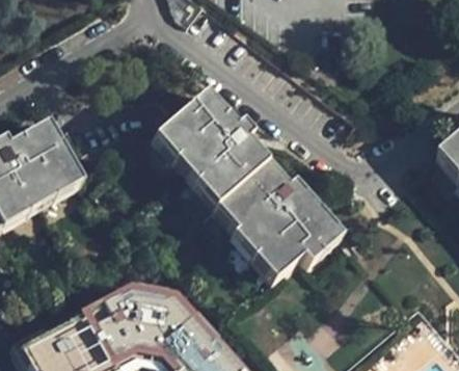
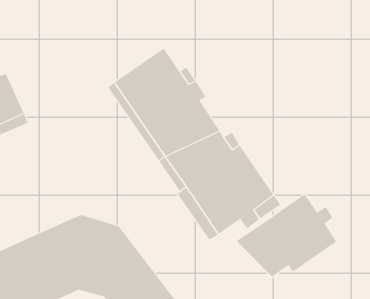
building: none -> [236,193,337,278]

